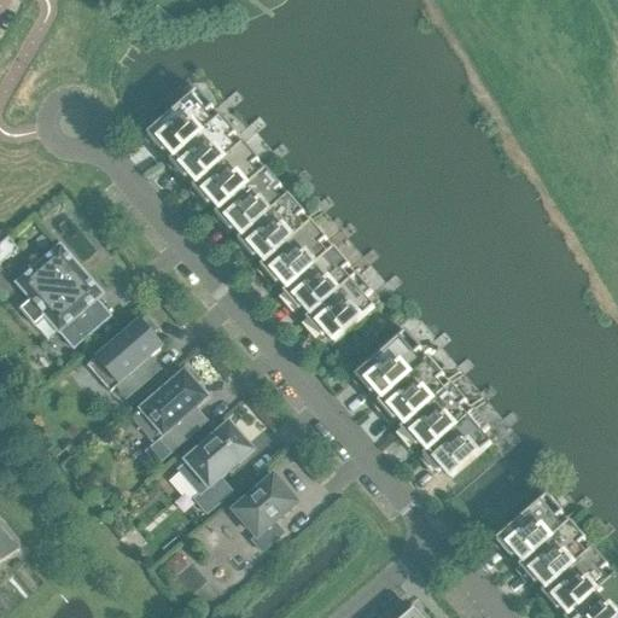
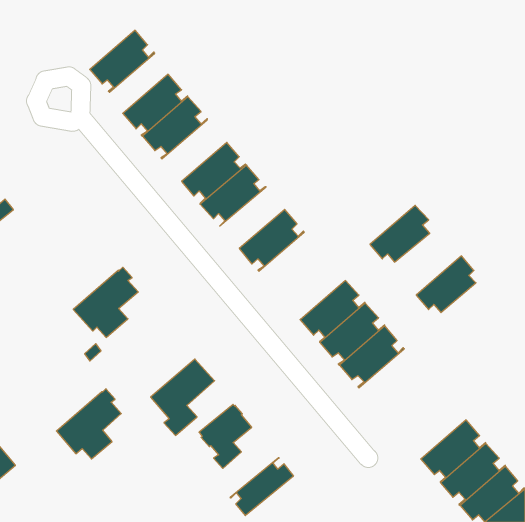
building: [190,140,266,212] -> [90,30,155,92]
building: [257,218,333,291] -> none
building: [14,241,110,333] -> none
building: [303,272,373,338] -> [370,205,430,262]
building: [130,365,206,447] -> [56,389,121,459]
building: [420,408,490,474] -> [416,256,476,313]
building: none -> [230,458,293,516]

